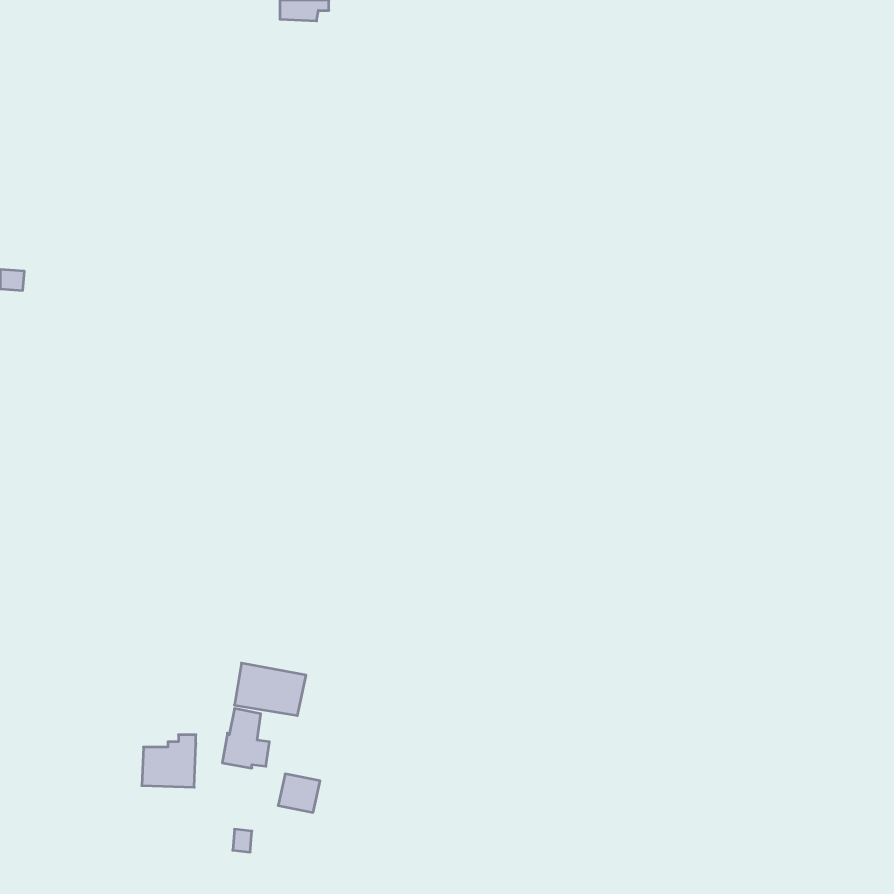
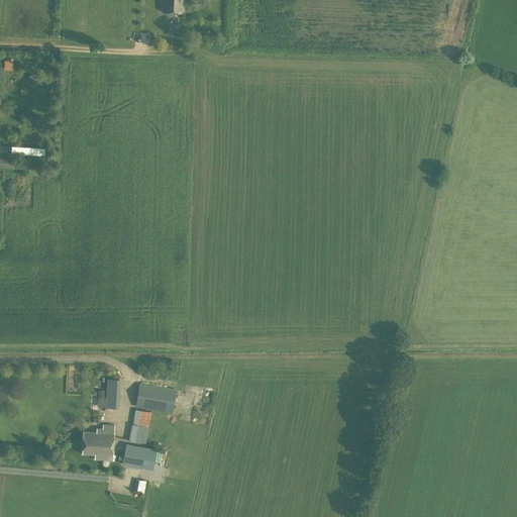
building: none -> [96,378,119,407]
building: [278,774,320,812] -> [122,446,146,469]

